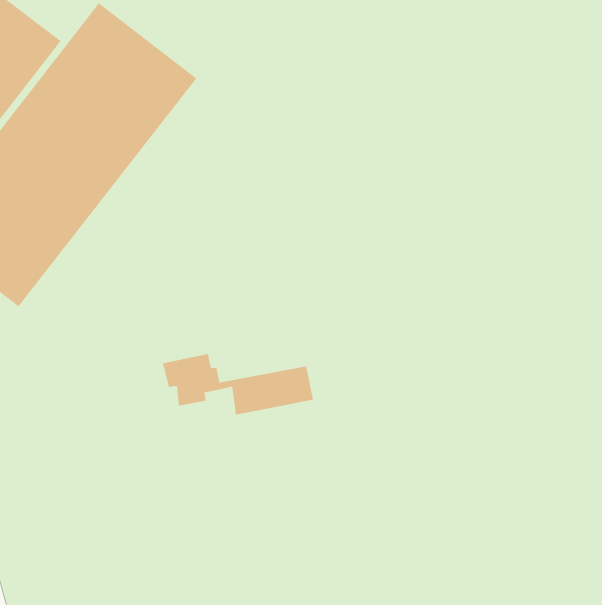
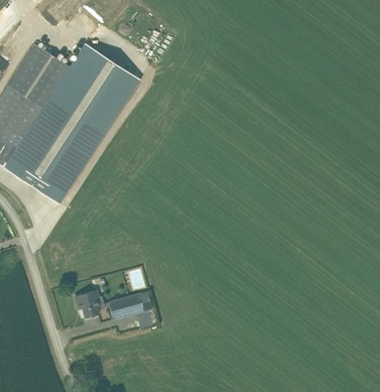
building: [162,353,314,415] -> [75,289,153,319]

